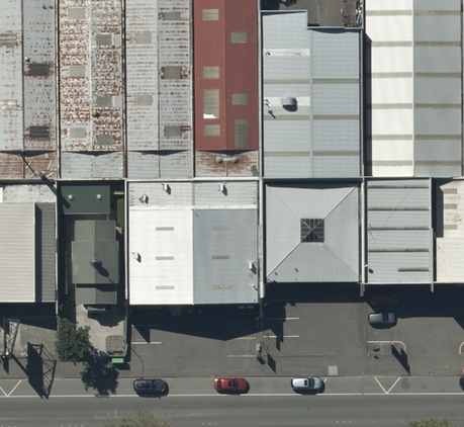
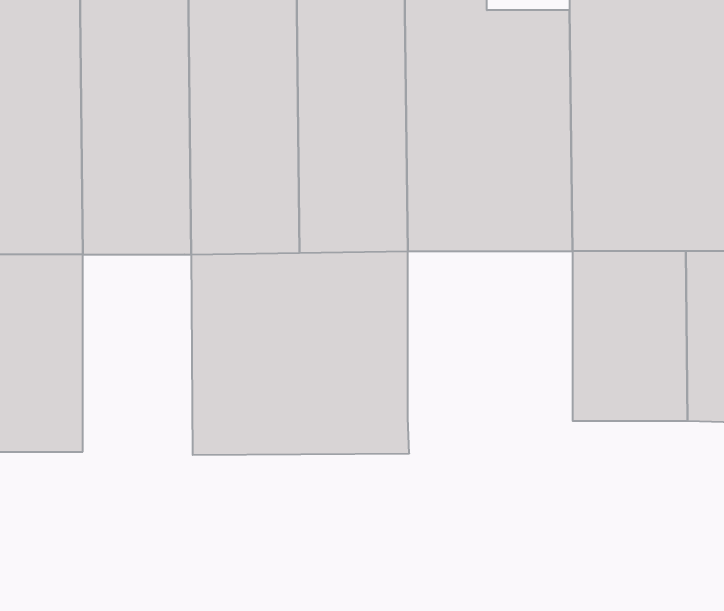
building: [261,177,364,281] -> none
building: [58,179,121,212] -> none
building: [73,219,114,305] -> none

